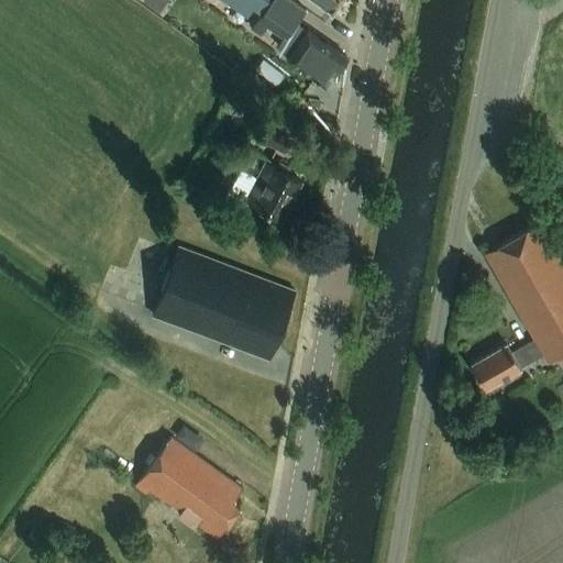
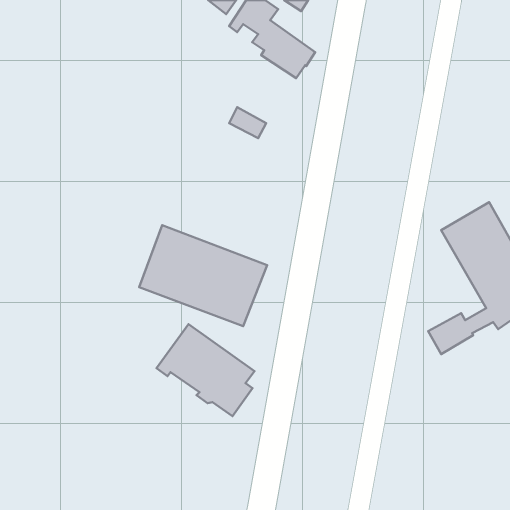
building: [246,164,301,221] -> none
building: [135,438,243,539] -> [156,324,254,416]

